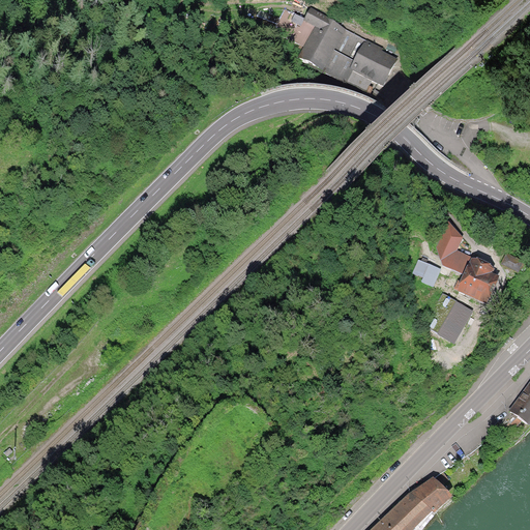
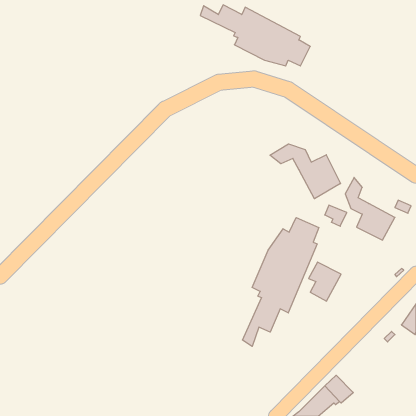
building: none -> [270,144,341,199]
building: none -> [242,218,319,346]
building: [434,293,475,343] -> [309,262,341,301]

